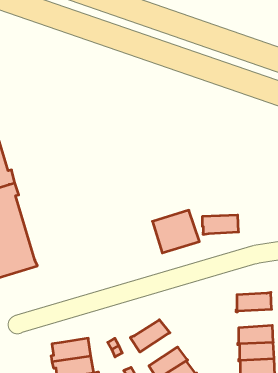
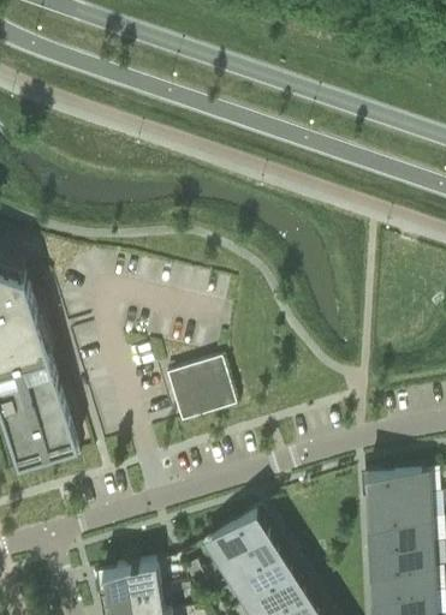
building: [152,210,199,253] -> [166,357,236,420]
building: [202,215,239,234] -> [367,468,421,497]
building: none -> [209,507,268,557]
building: none -> [376,518,429,545]
building: none -> [232,554,290,602]

